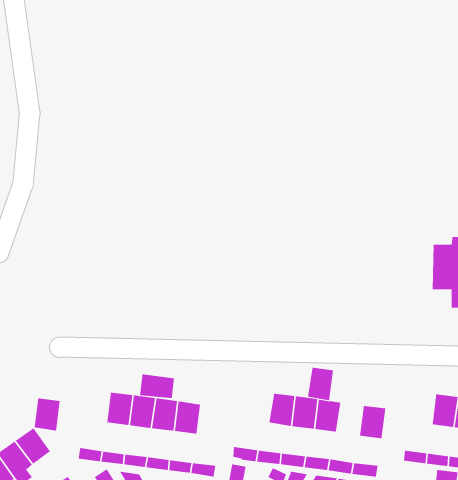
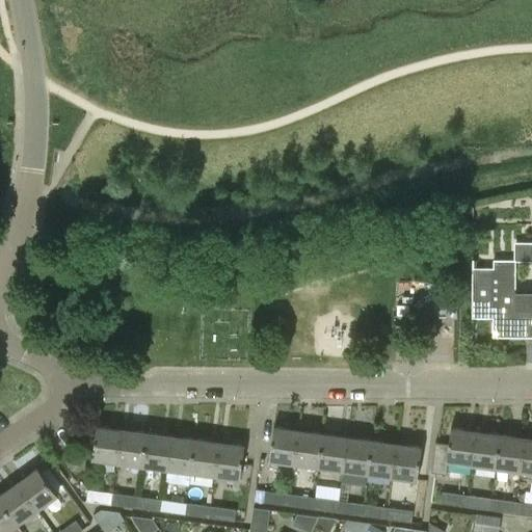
building: [307,367,334,401] -> [368,442,397,478]
building: [139,374,175,399] -> none
building: none -> [270,427,299,463]
building: none -> [432,429,476,475]
building: [34,398,61,431] -> [92,427,122,463]
building: none -> [216,444,245,480]

